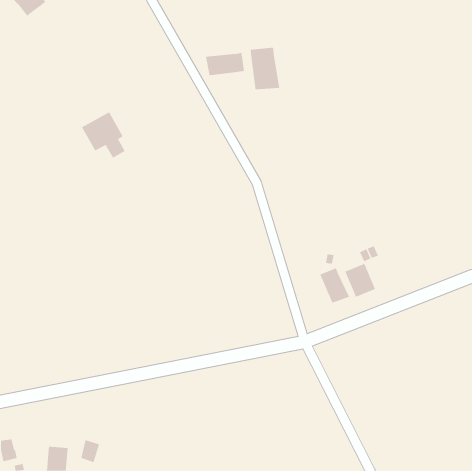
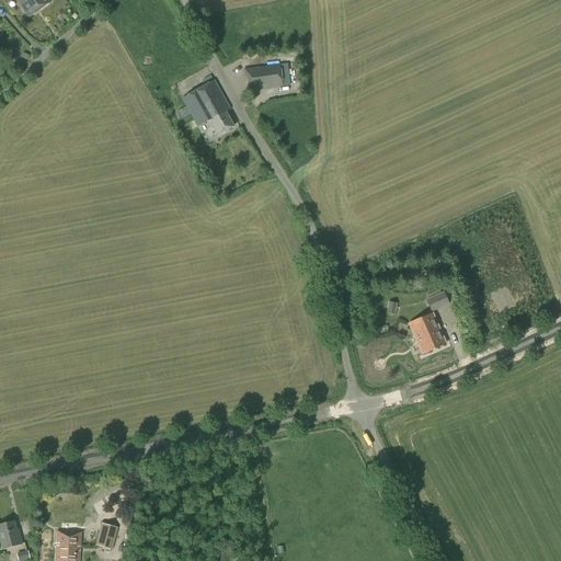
building: [250,47,280,90] -> none
building: [81,112,125,159] -> [181,79,233,135]
building: [320,267,350,304] -> none

